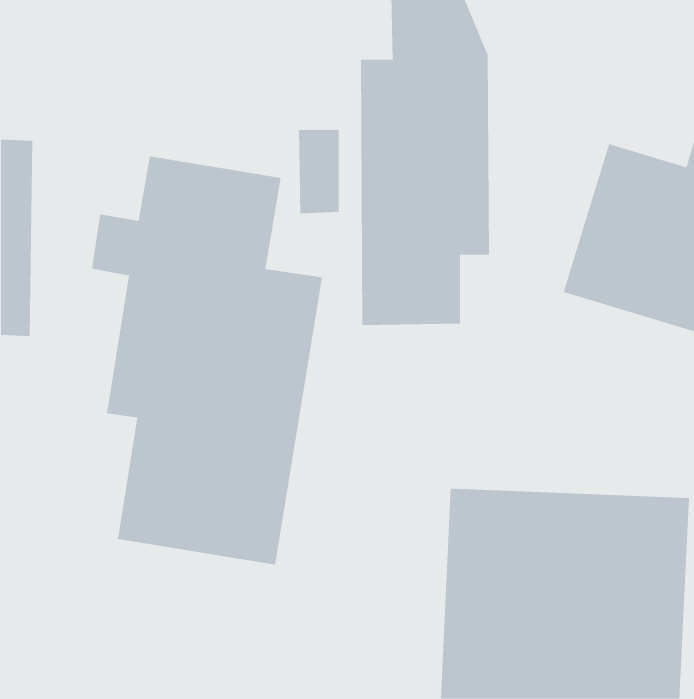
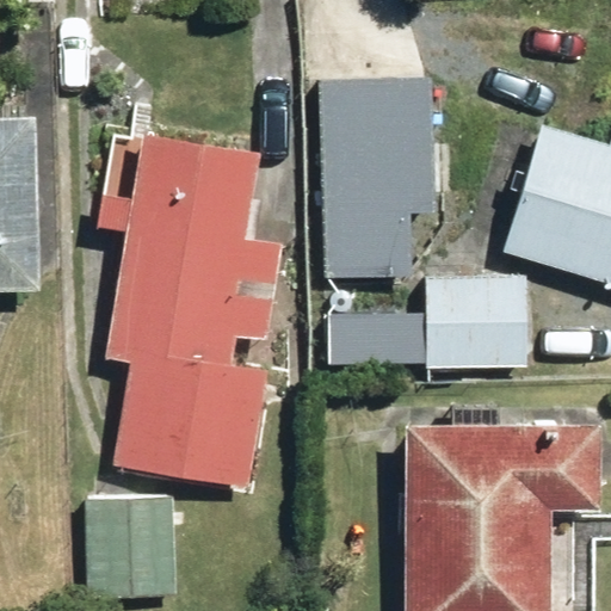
building: none -> [421,273,526,368]
building: none -> [84,490,179,598]

